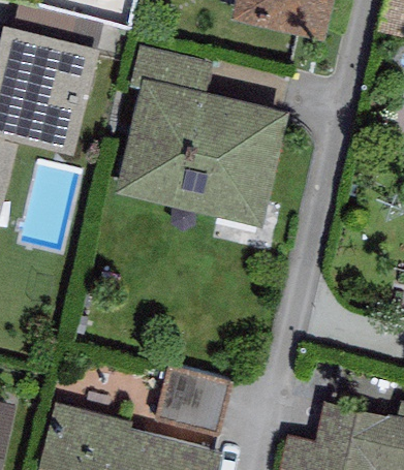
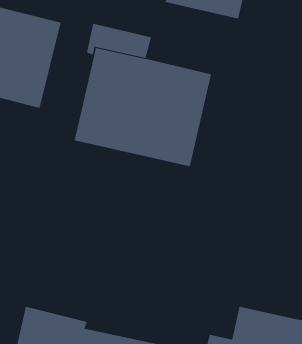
building: [155,367,229,434] -> none

